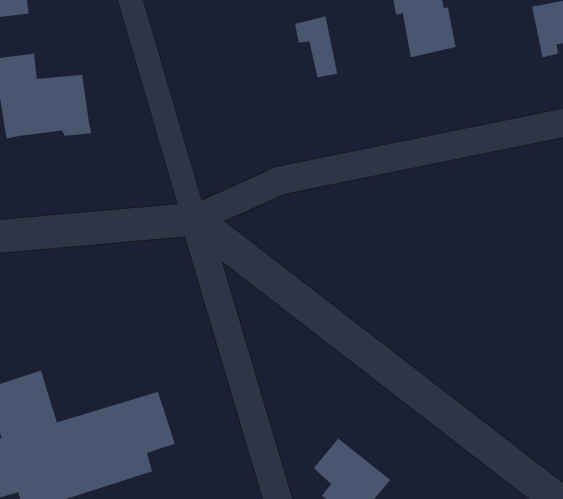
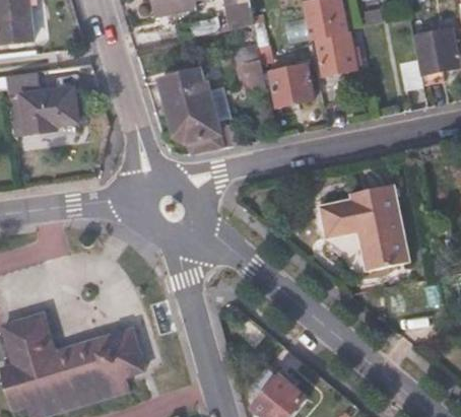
building: none -> [270,65,314,106]
building: none -> [159,69,244,154]
building: none -> [322,185,409,270]

